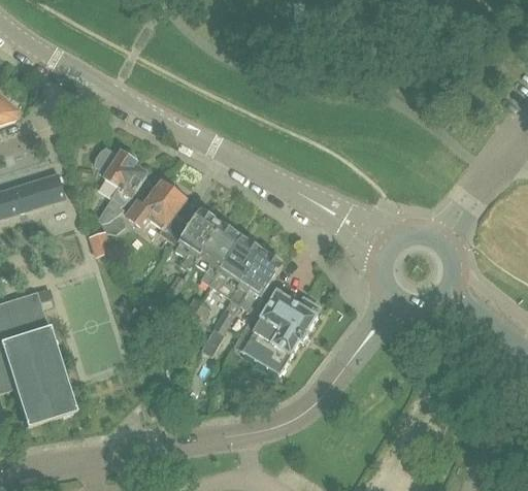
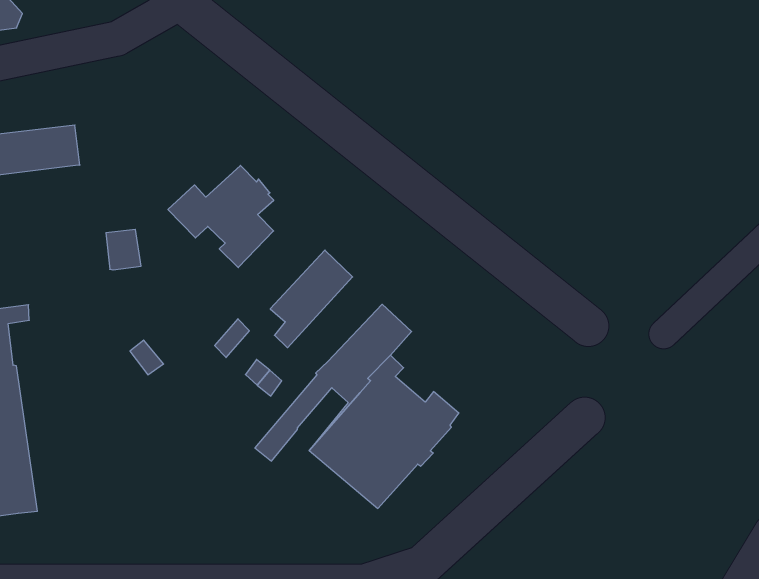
building: [95,148,147,223] -> none
building: [175,209,223,272] -> none
building: [210,236,263,292] -> none

